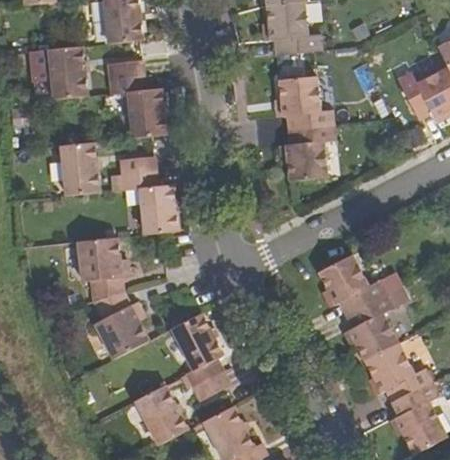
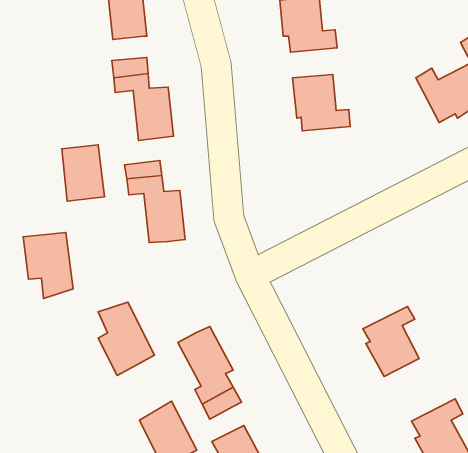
building: [29,46,87,99] -> none
building: [284,125,334,179] -> none
building: [76,237,123,299] -> [23,232,73,298]
building: [317,254,386,315] -> none
building: [364,343,431,402] -> none

